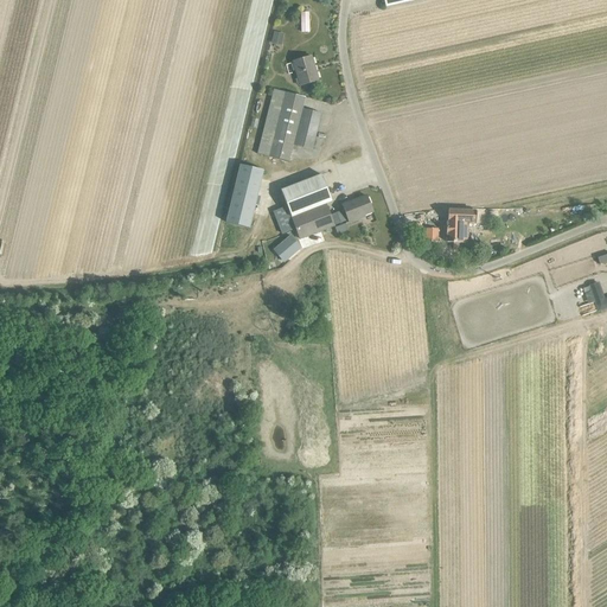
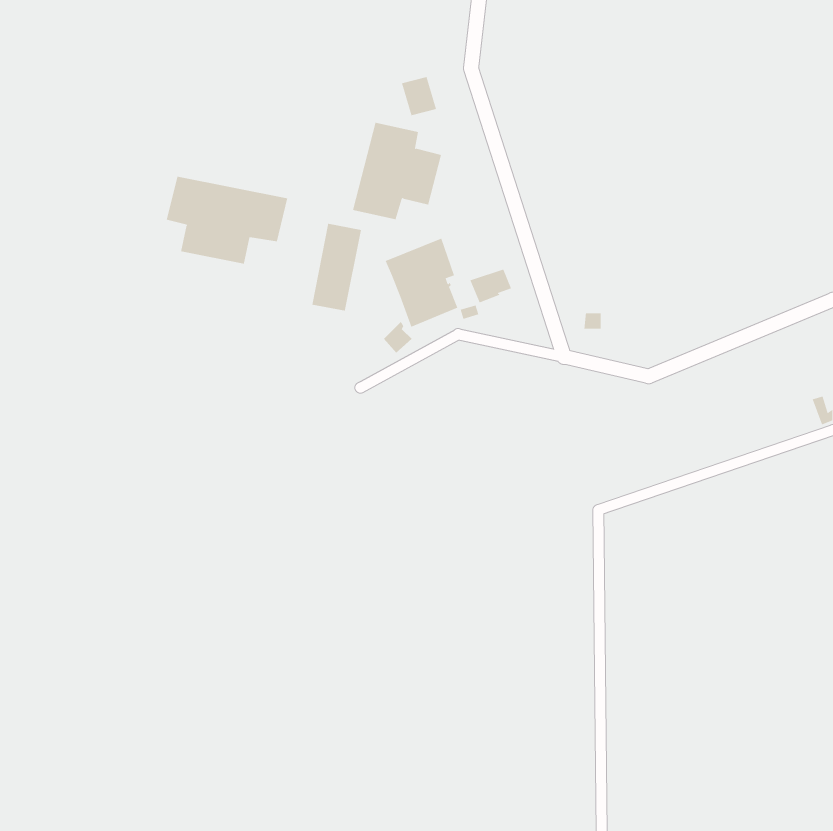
building: none -> [166,176,288,265]
building: [447,210,472,241] -> none

